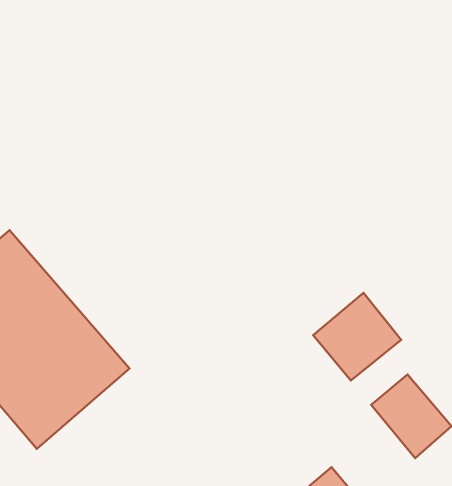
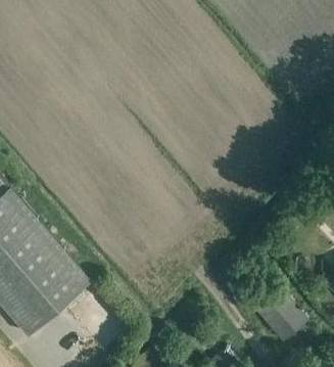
building: [313,293,401,381] -> none

